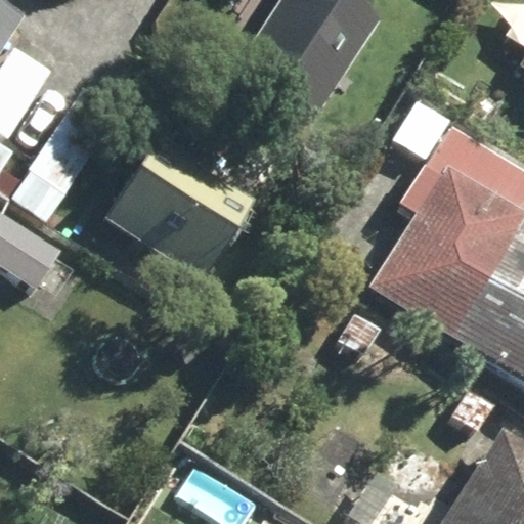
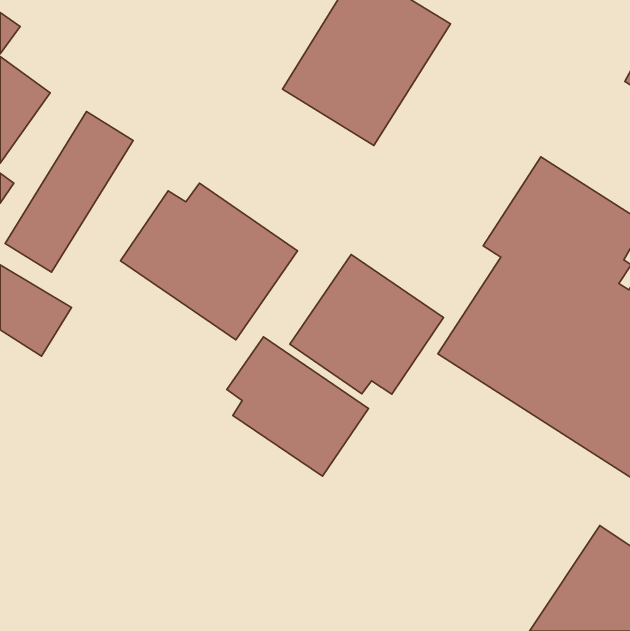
building: none -> [290,255,443,394]
building: none -> [227,337,368,476]

